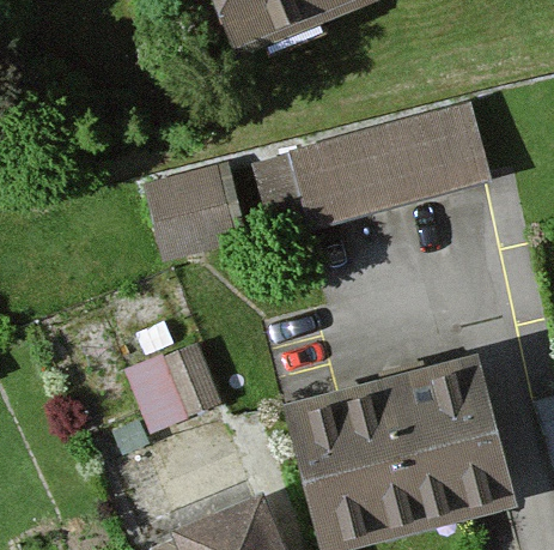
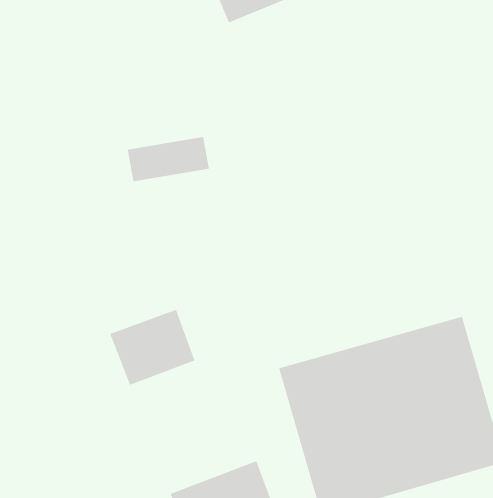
building: [245,108,483,234] -> none

